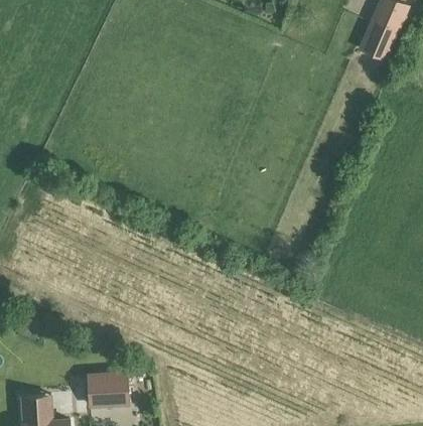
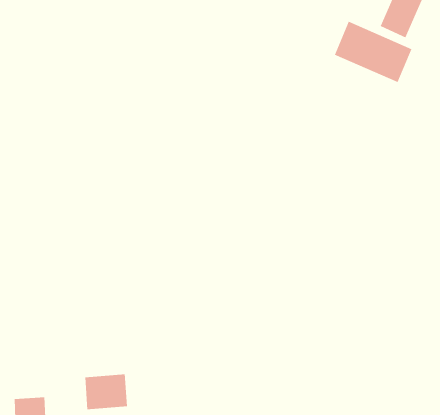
building: none -> [334,21,412,83]

